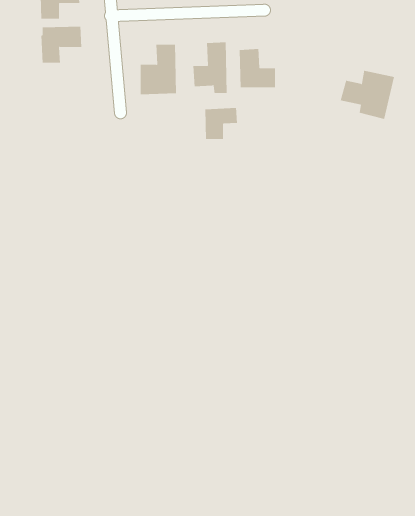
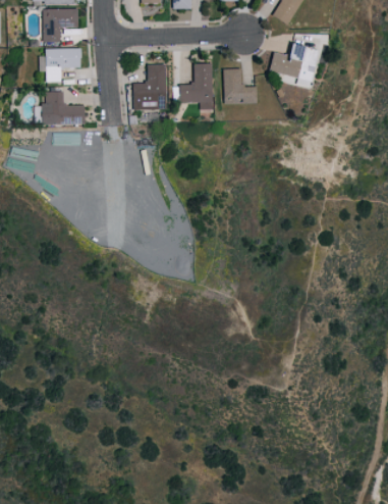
building: [340,70,395,120] -> [269,43,319,88]
building: none -> [41,91,85,123]
building: [205,107,237,140] -> none

